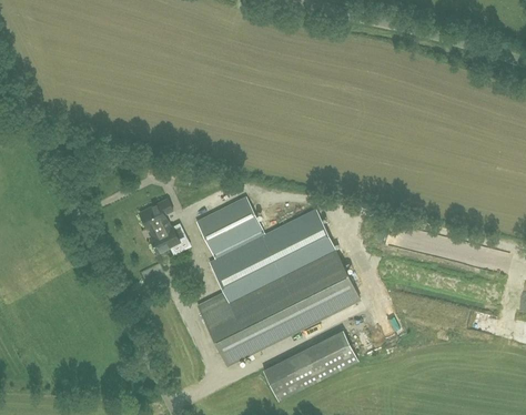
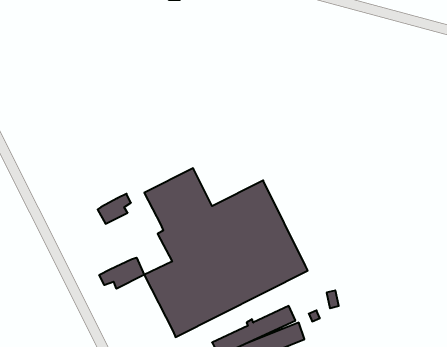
building: [139,199,172,235] -> none
building: none -> [99,258,144,289]

